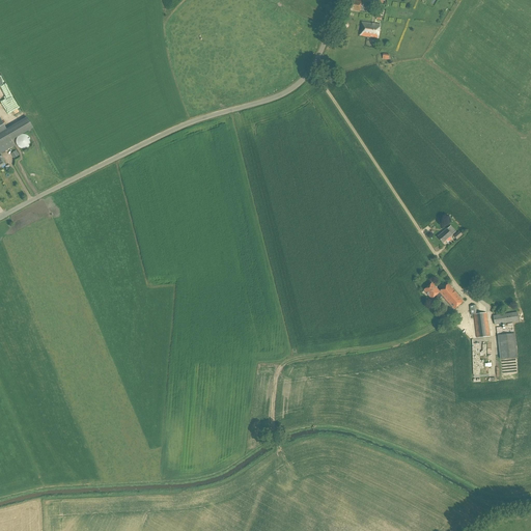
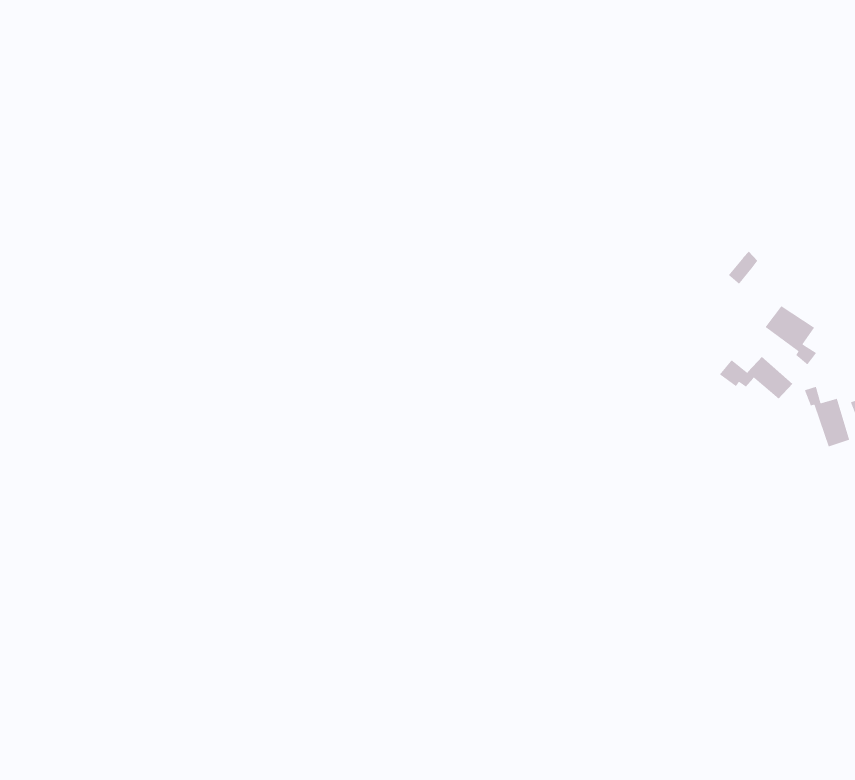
building: none -> [764,305,817,366]

